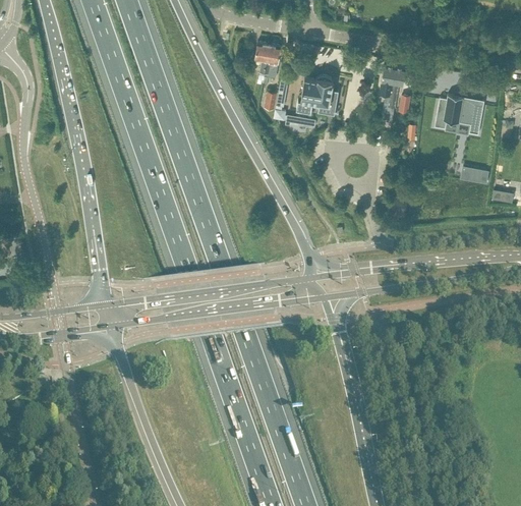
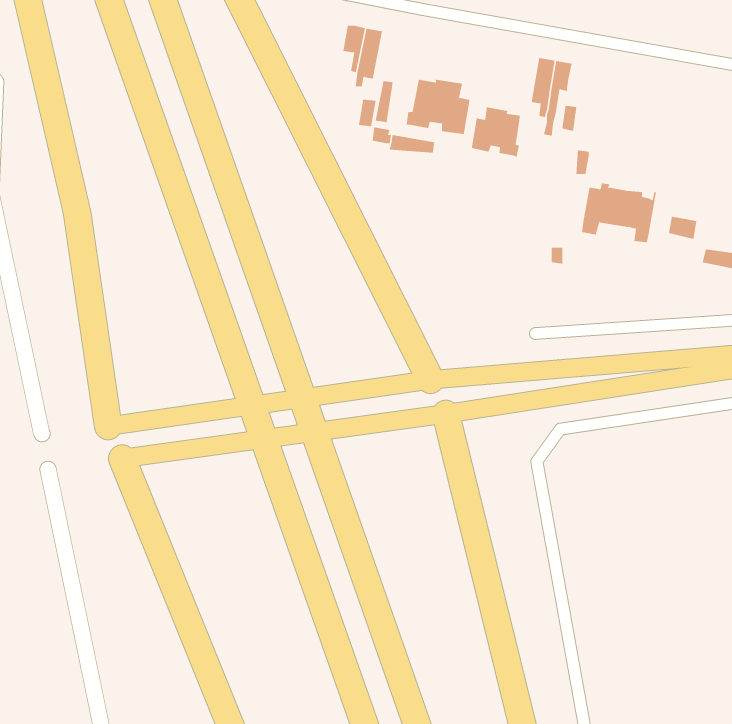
building: [435,95,484,134] -> [581,183,657,243]
building: none -> [471,107,521,157]

